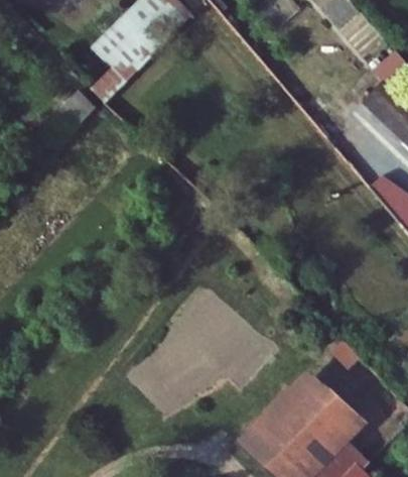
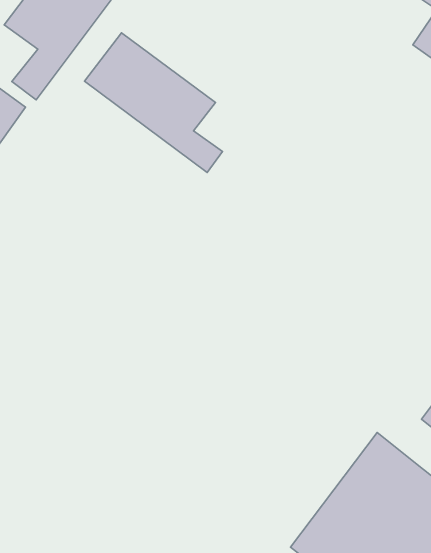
building: none -> [85,33,223,173]

